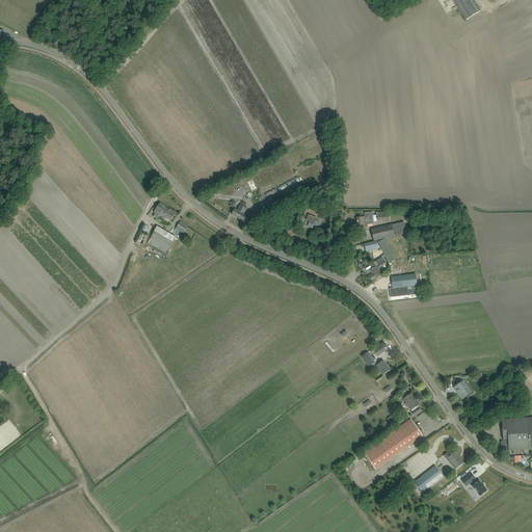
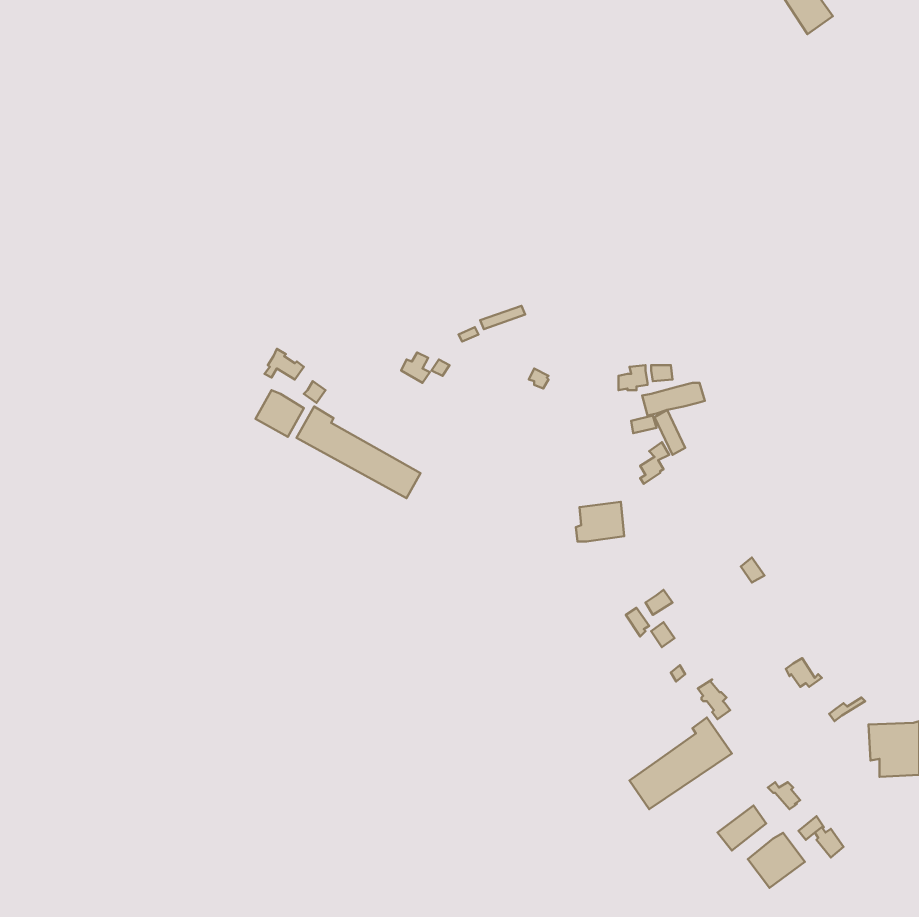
building: none -> [296,407,420,498]
building: [390,273,418,296] -> [576,502,624,541]
building: none -> [748,833,805,888]

